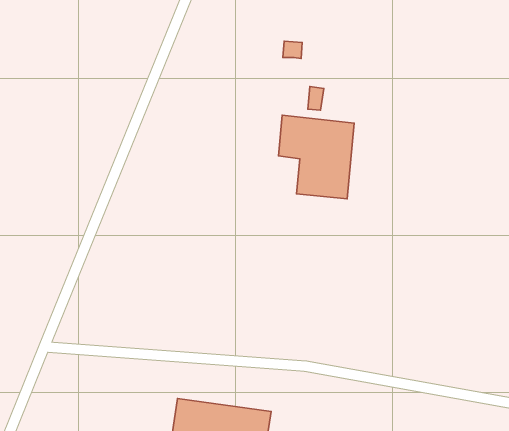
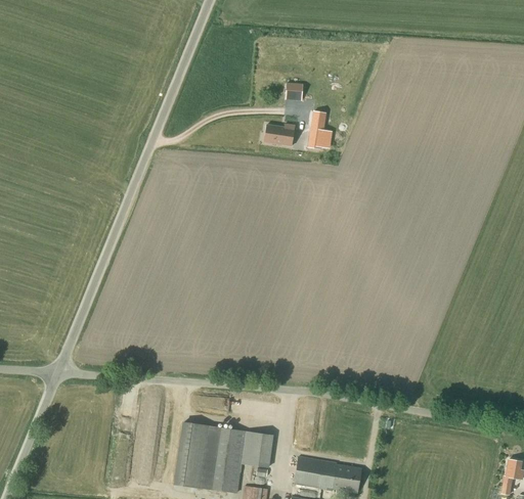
building: none -> [263,124,294,146]
building: [278,115,354,199] -> none

